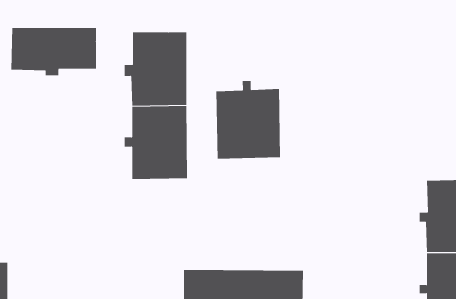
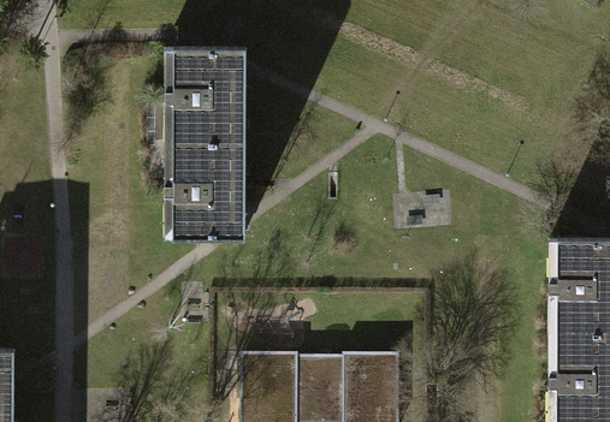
building: [11,27,96,76] -> none
building: [216,80,281,159] -> none

